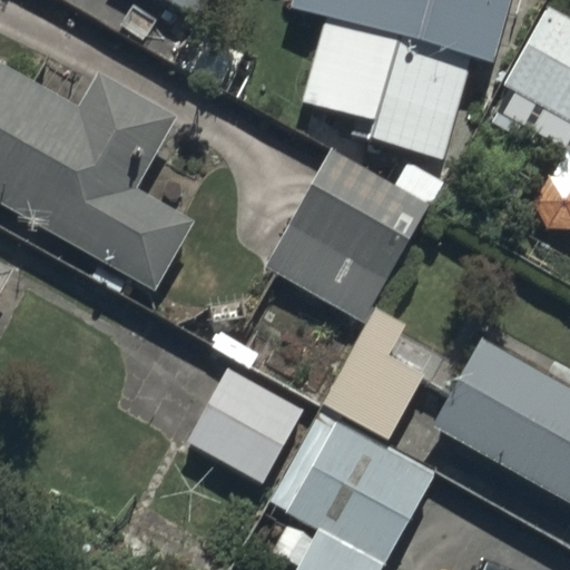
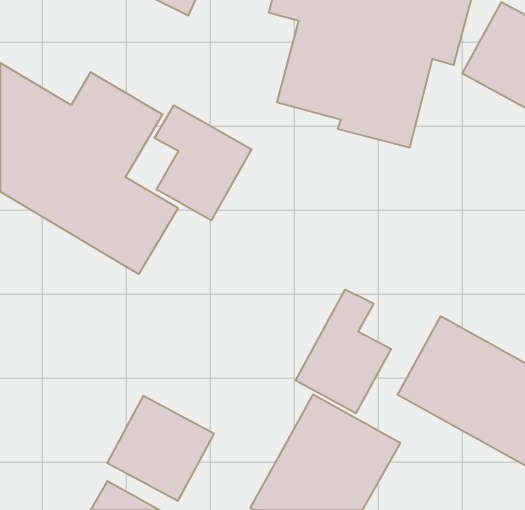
building: none -> [154,105,252,220]
building: [264,148,443,318] -> none
building: [185,361,301,474] -> [107,396,214,501]

